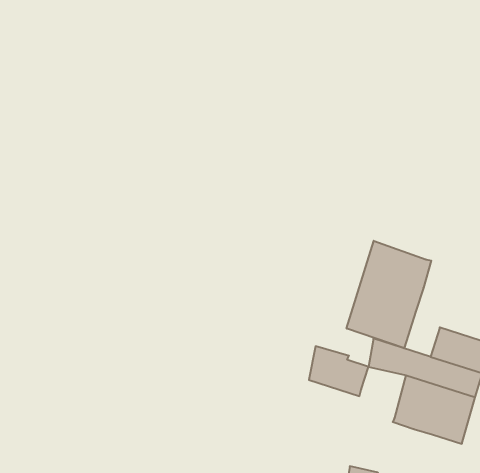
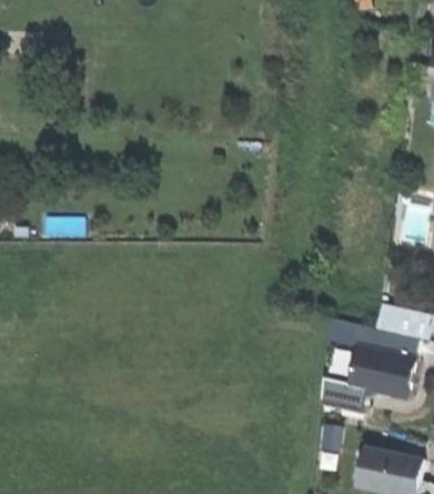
building: [347,241,431,348] -> none
building: [309,346,369,396] -> [319,375,366,413]

